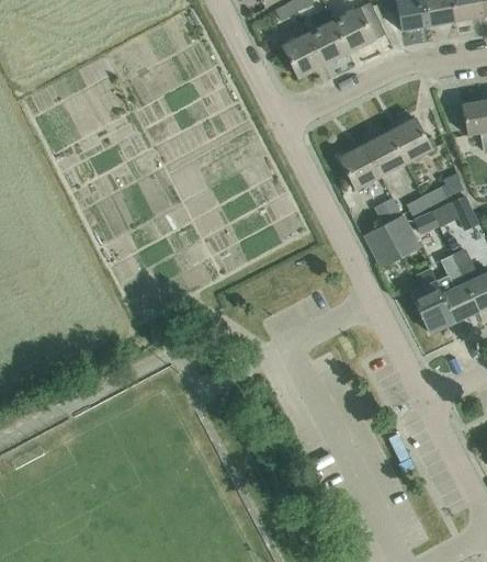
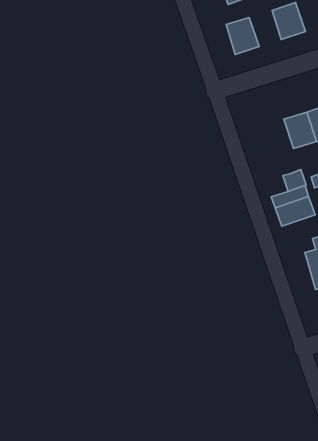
building: [309,20,350,64] -> none
building: [340,143,383,189] -> none

